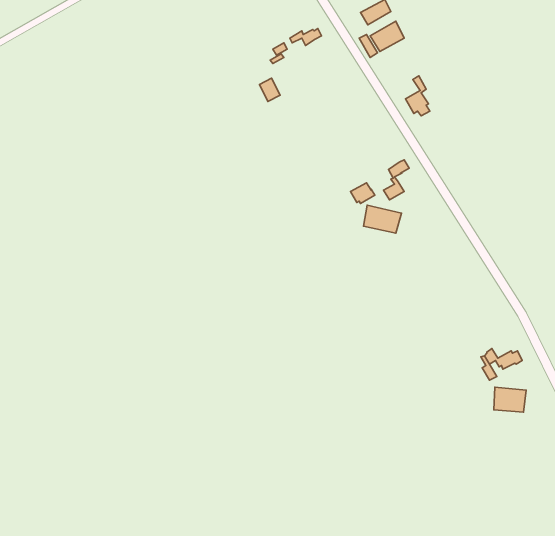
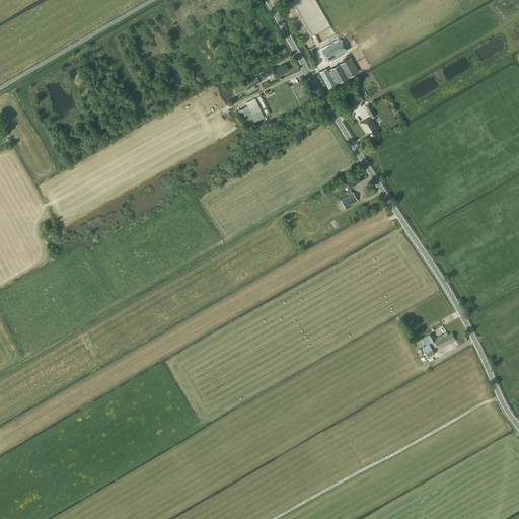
building: [363,205,401,233] -> none
building: [494,387,526,412] -> none

